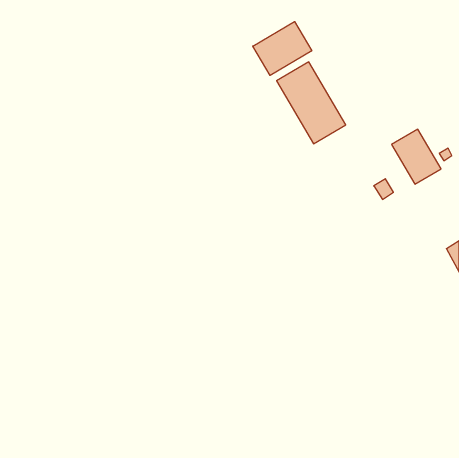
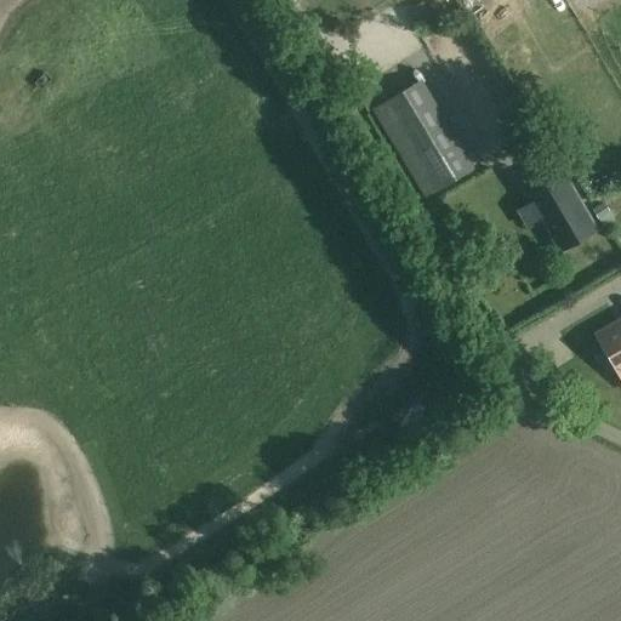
building: [253,22,312,75] -> none

